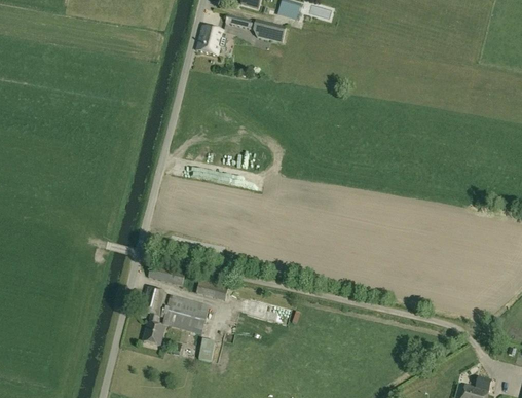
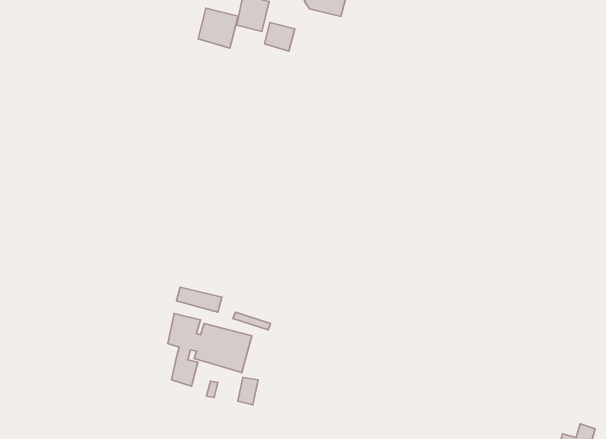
building: none -> [198,8,238,48]
building: none -> [264,23,295,51]

